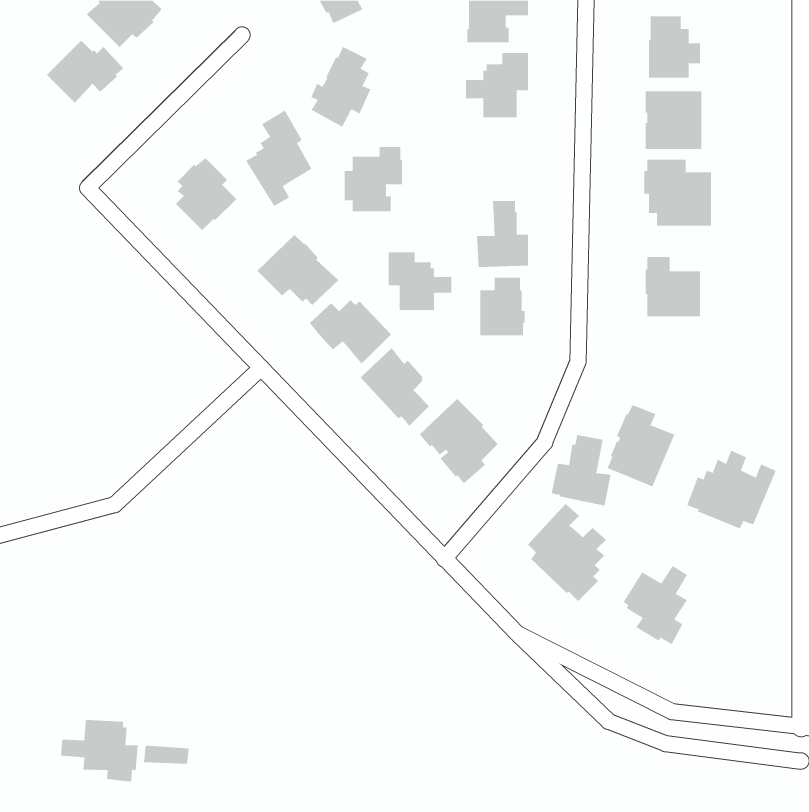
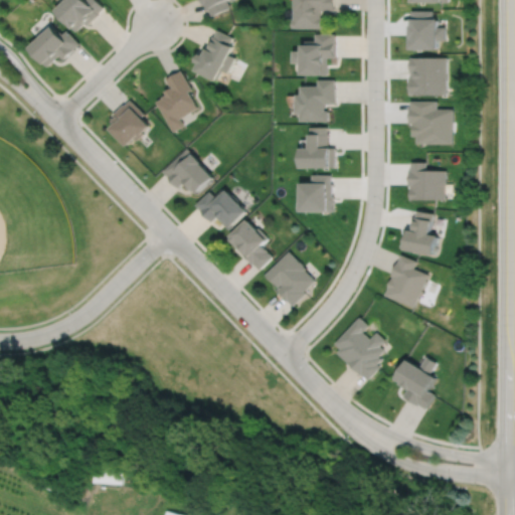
building: [344,147,403,212] -> [297,80,334,122]
building: [388,251,452,311] -> none
building: [551,435,611,506] -> [398,212,437,258]
building: [686,450,777,529] -> none
building: [61,719,138,782] -> none

